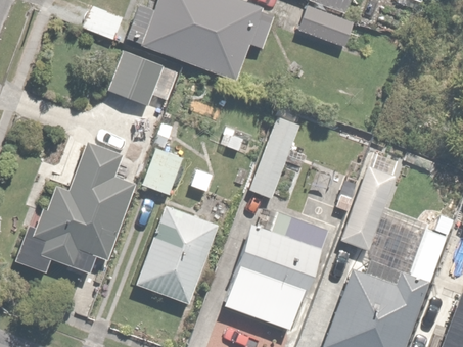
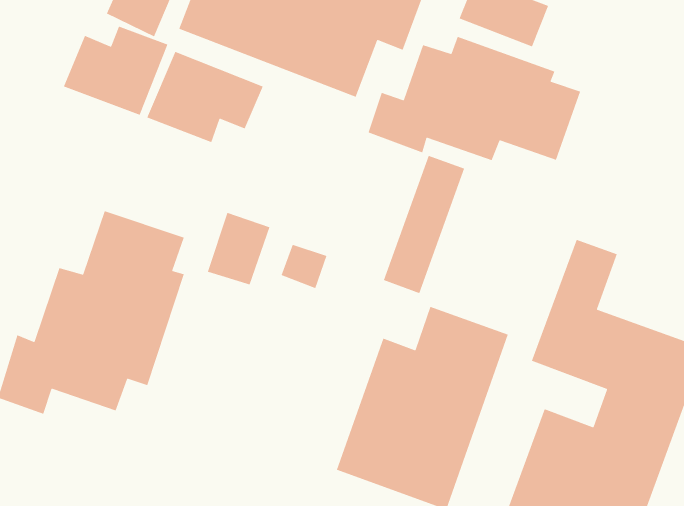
building: none -> [63,25,168,116]
building: none -> [367,36,581,161]
building: [135,207,218,305] -> none

